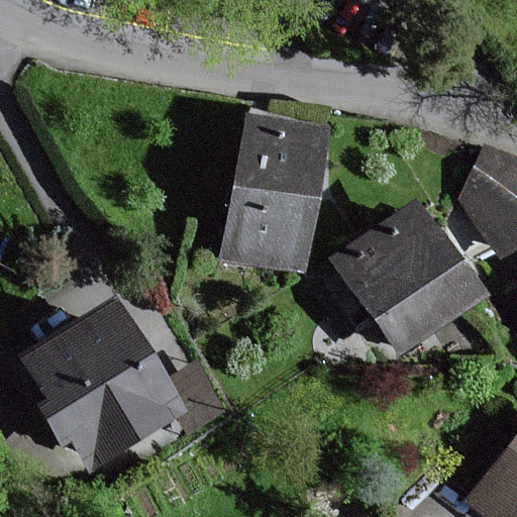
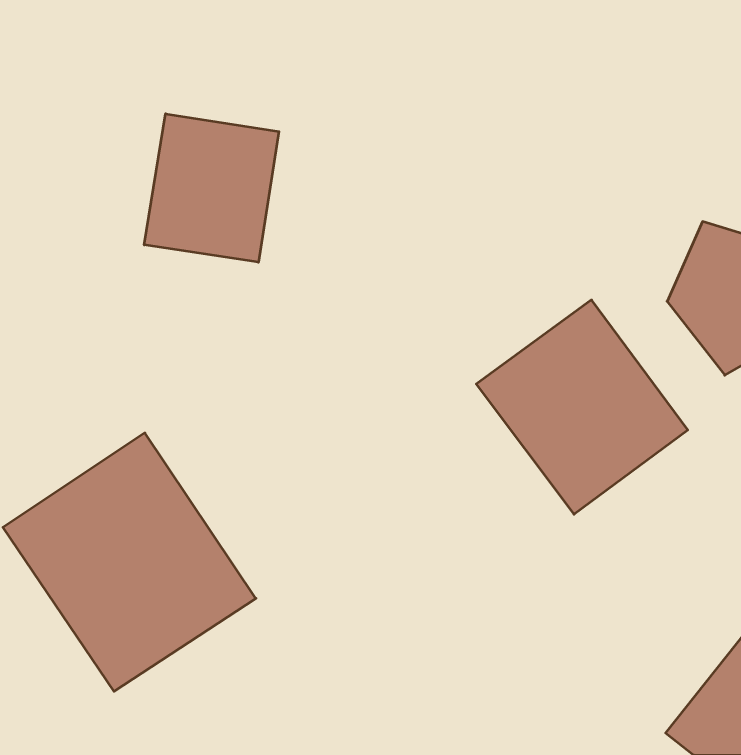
building: none -> [144,114,279,262]
building: [222,115,331,272] -> none

